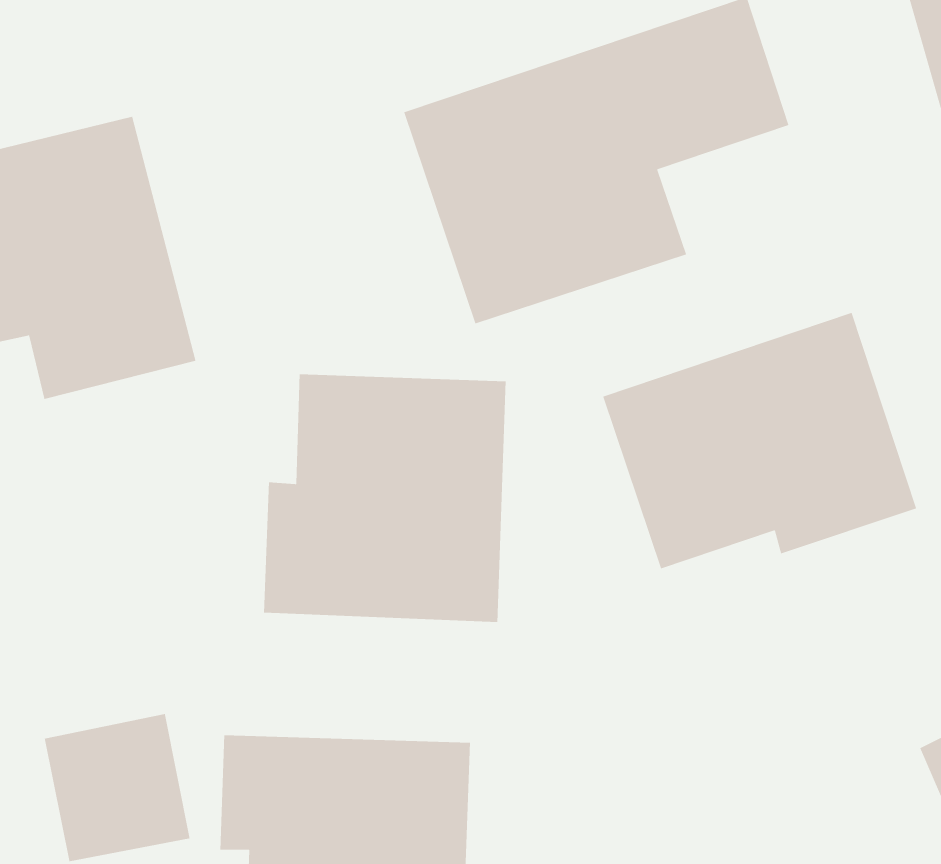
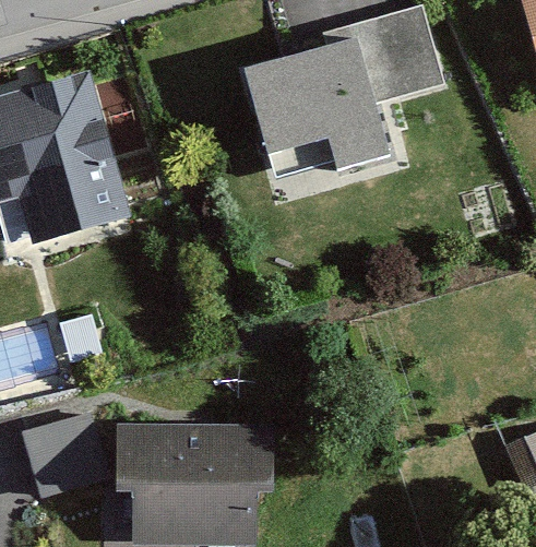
building: [602,312,917,570] -> none
building: [263,373,507,623] -> none

